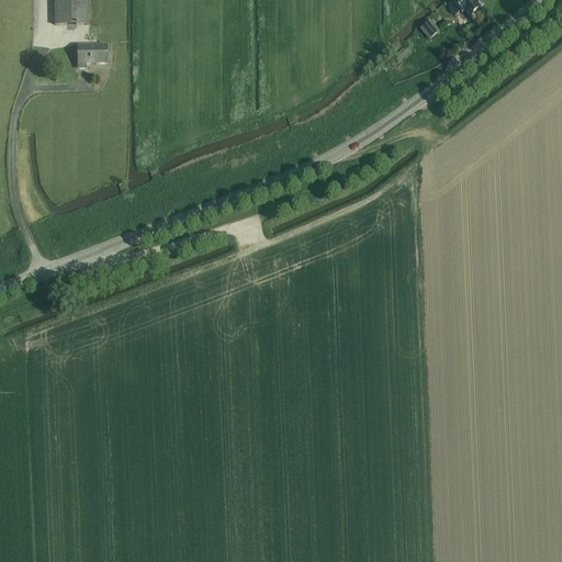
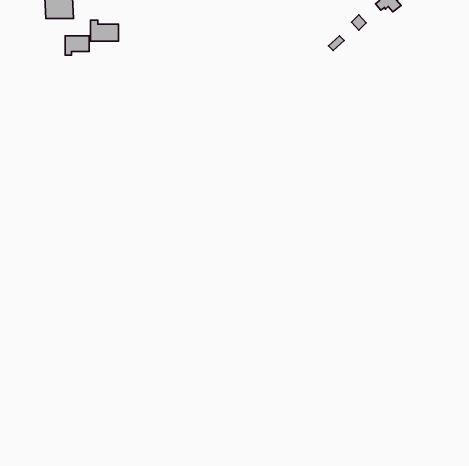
building: none -> [90,20,118,41]

